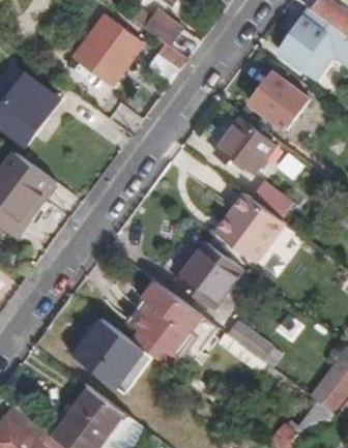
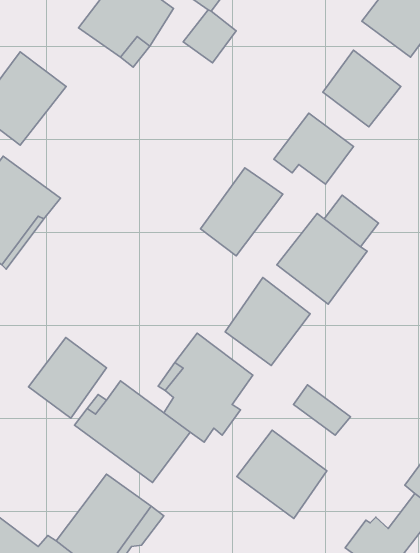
building: none -> [201,168,283,256]
building: none -> [28,337,107,418]
building: none -> [237,430,327,518]

